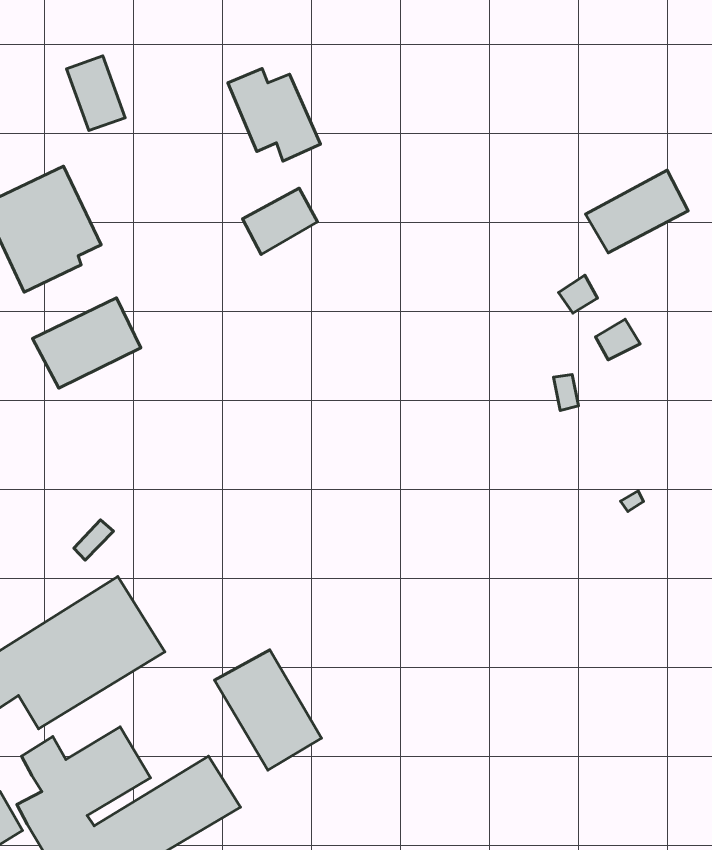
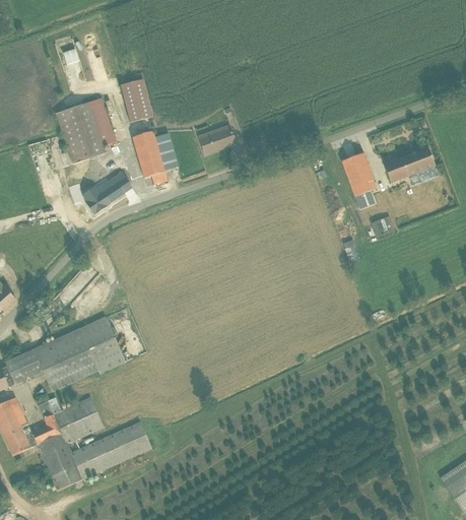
building: [67,56,125,130] -> [122,85,149,124]
building: [228,69,321,161] -> [133,133,178,184]
building: none -> [337,149,374,196]
building: [214,650,322,770] -> none

